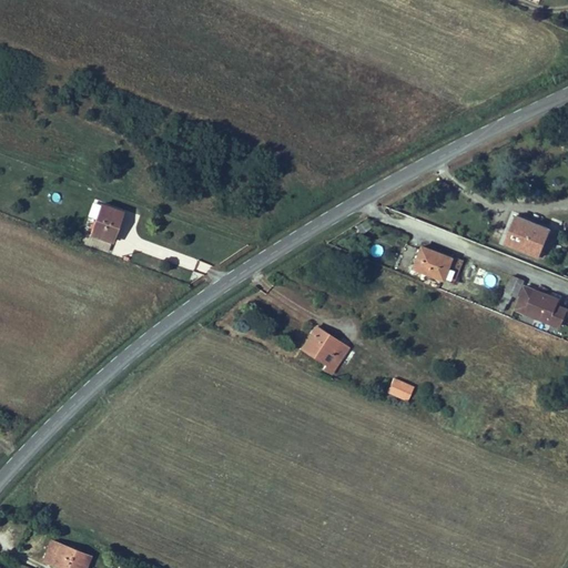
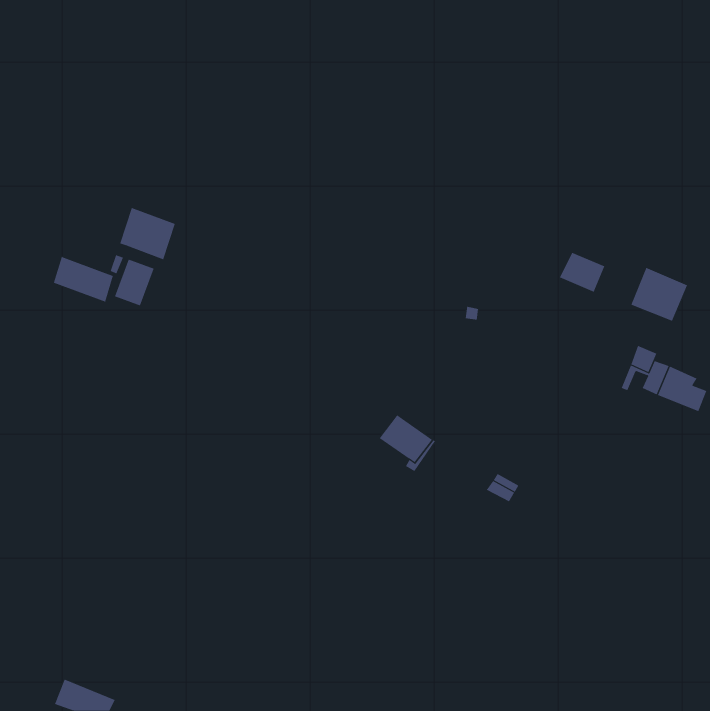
building: none -> [120,207,176,260]
building: none -> [53,256,114,302]
building: [410,248,447,281] -> [559,252,605,293]

